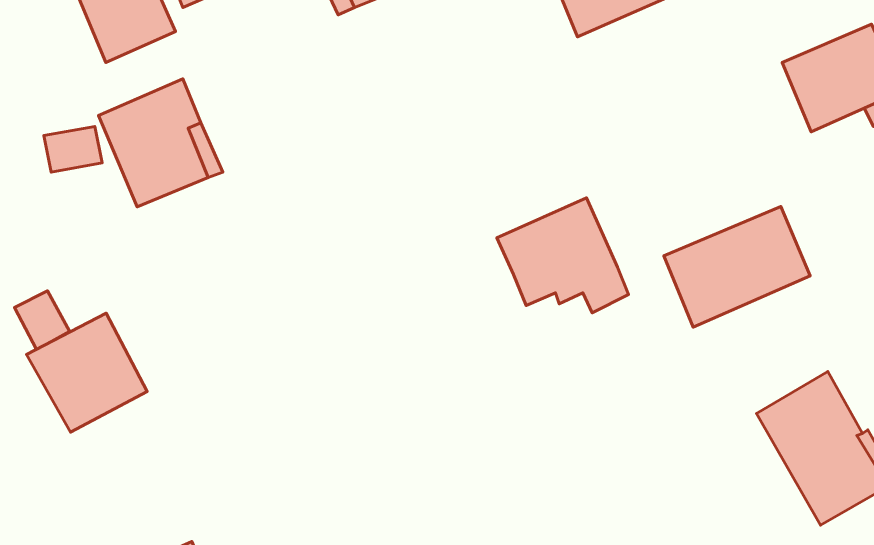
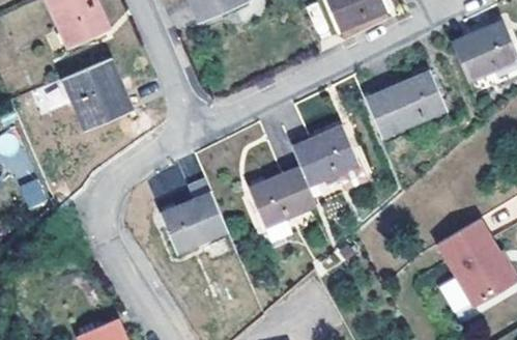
building: [664,206,810,327] -> [365,72,448,140]
building: none -> [247,167,315,228]
building: [27,313,147,432] -> none
building: none -> [156,192,228,253]

